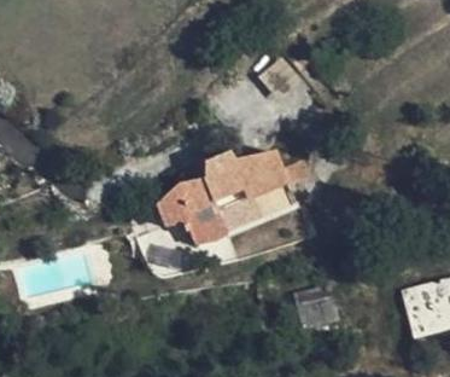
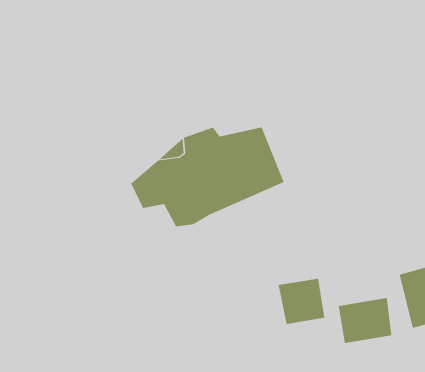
building: none -> [338,297,392,344]

